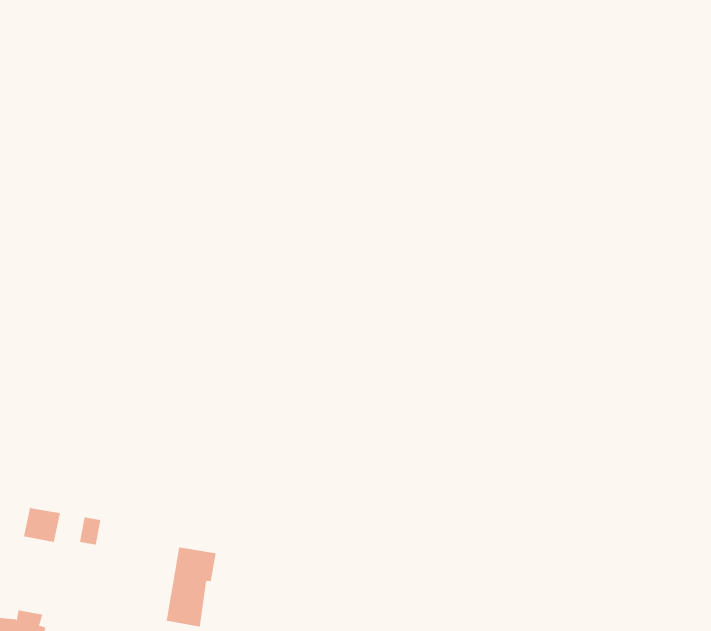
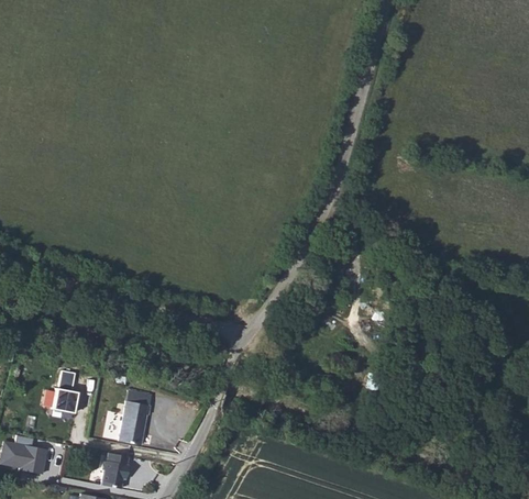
building: [23,506,61,543] -> [52,386,78,411]

